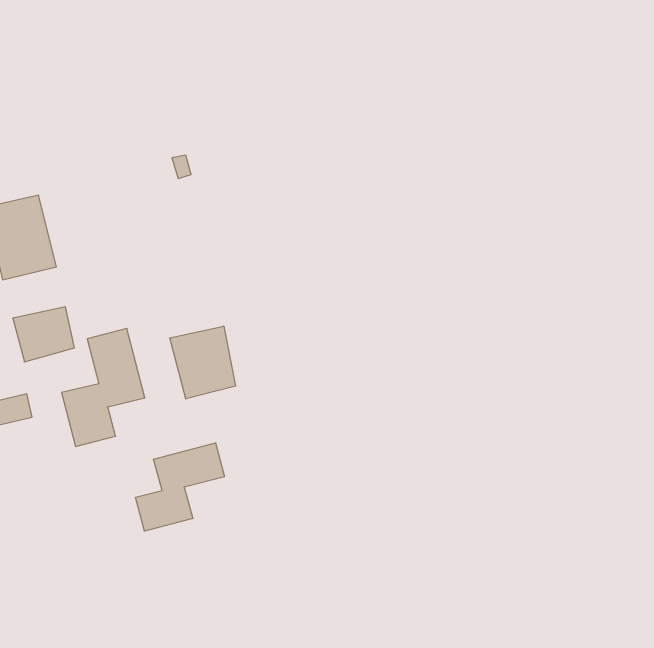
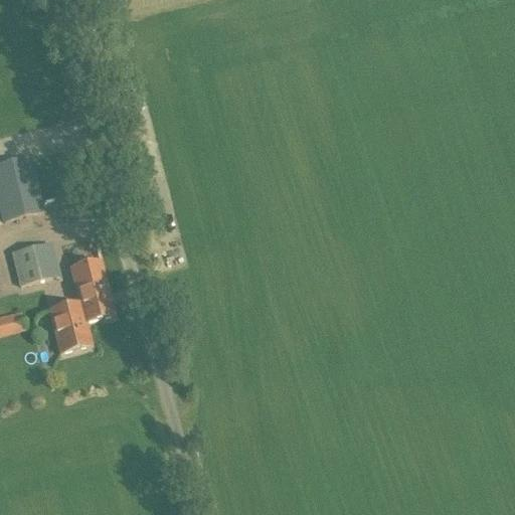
building: [170,326,235,399] -> none
building: [136,443,224,531] -> none

